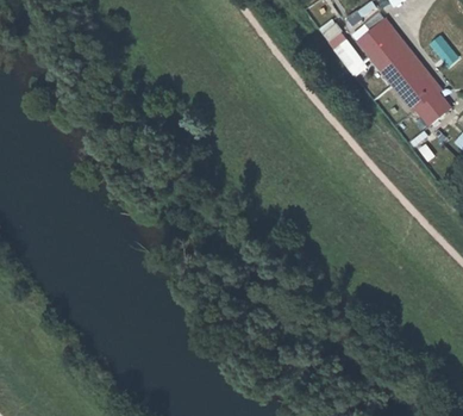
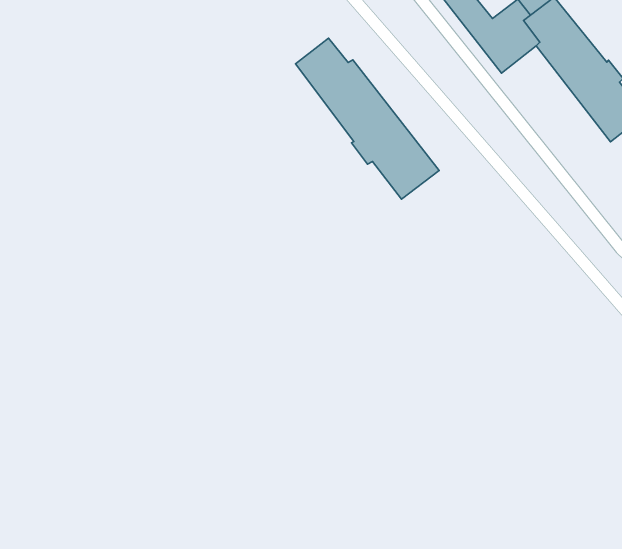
building: none -> [296,38,439,199]

